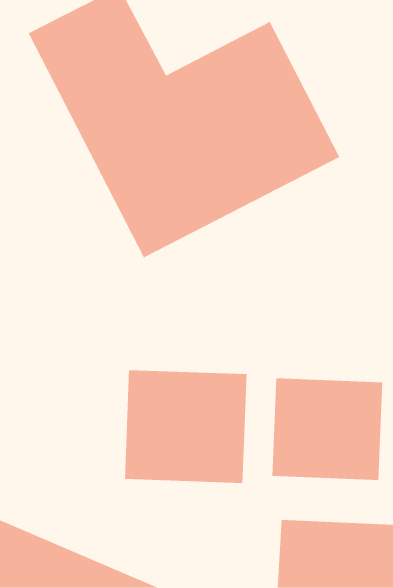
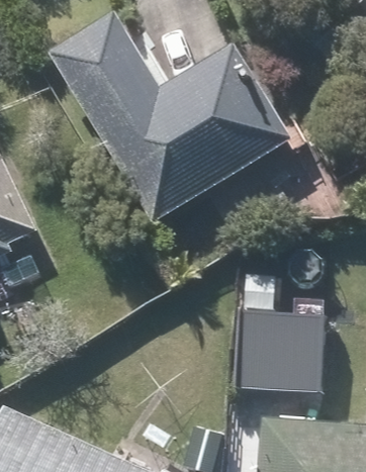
building: [124,369,247,484] -> none

